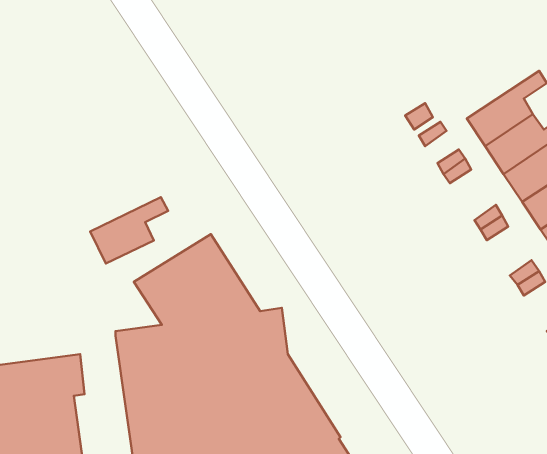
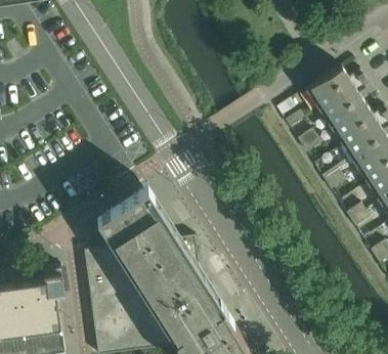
building: none -> [305,70,365,109]
building: [90,197,168,264] -> none

